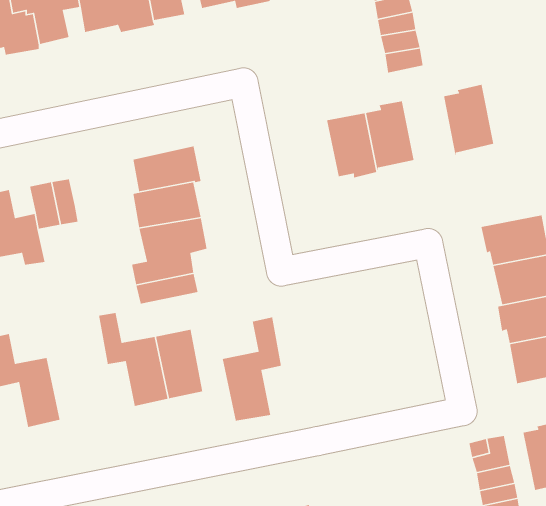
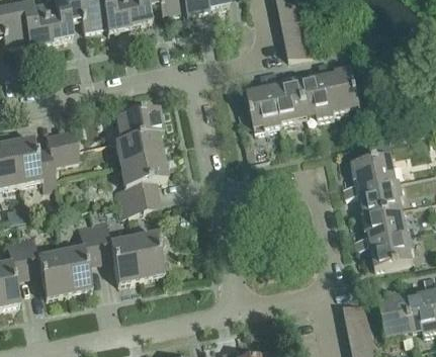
building: none -> [297,73,333,117]
building: [222,317,282,422] -> [58,220,98,291]

